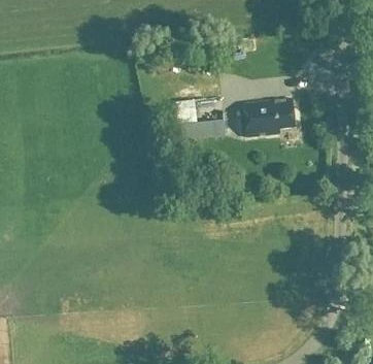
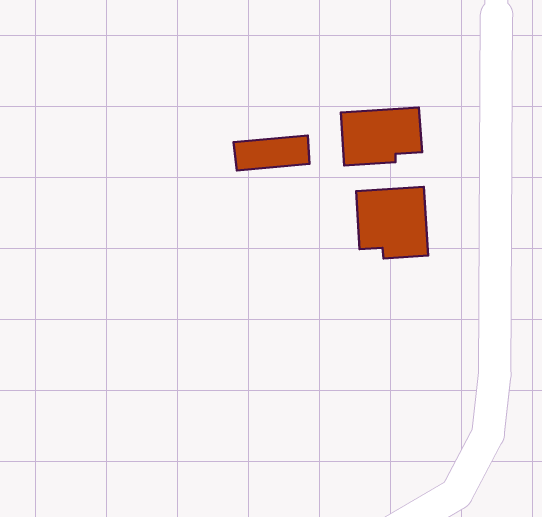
building: none -> [356,187,428,258]

